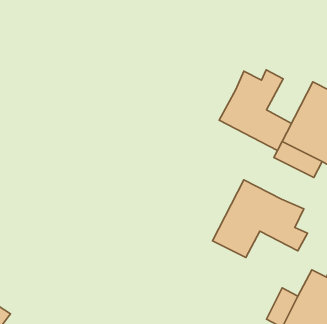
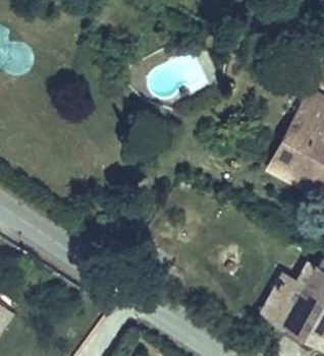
building: [219,70,291,150] -> none
building: [213,180,307,258] -> none

